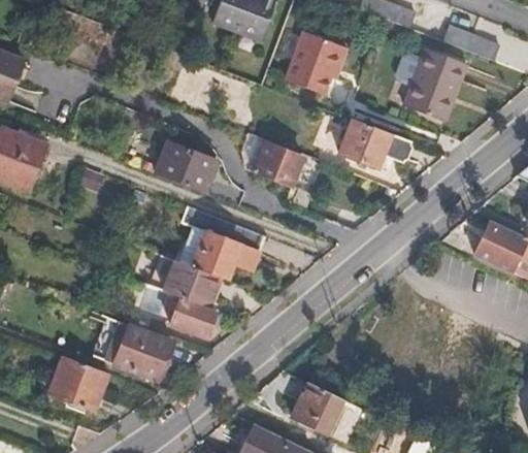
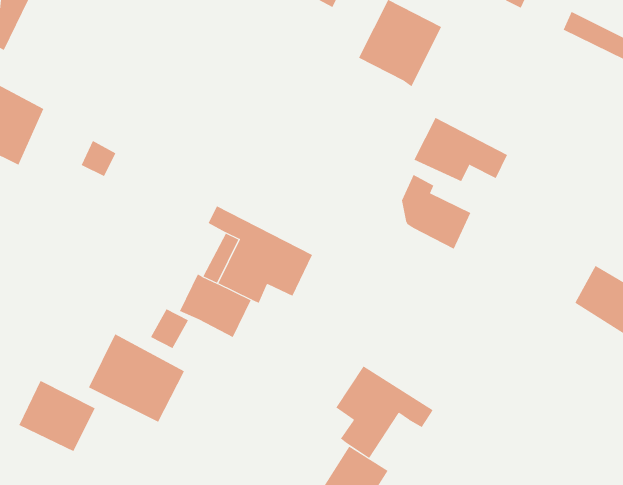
building: [394,47,468,123] -> none
building: [243,131,299,187] -> [401,174,471,249]
building: [154,138,216,193] -> none
building: [172,296,217,338] -> none
building: none -> [336,365,434,459]

